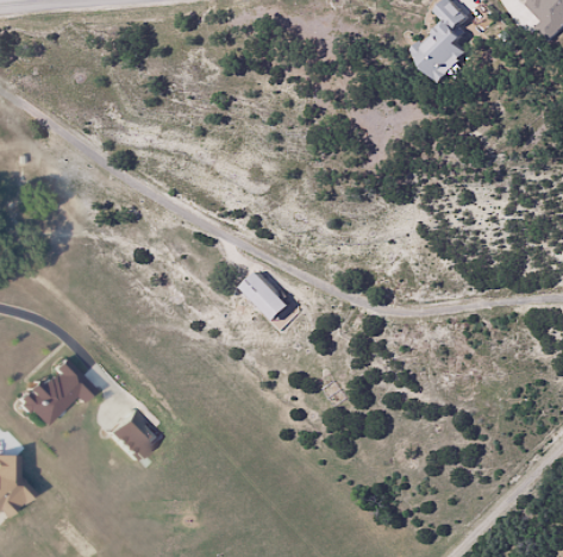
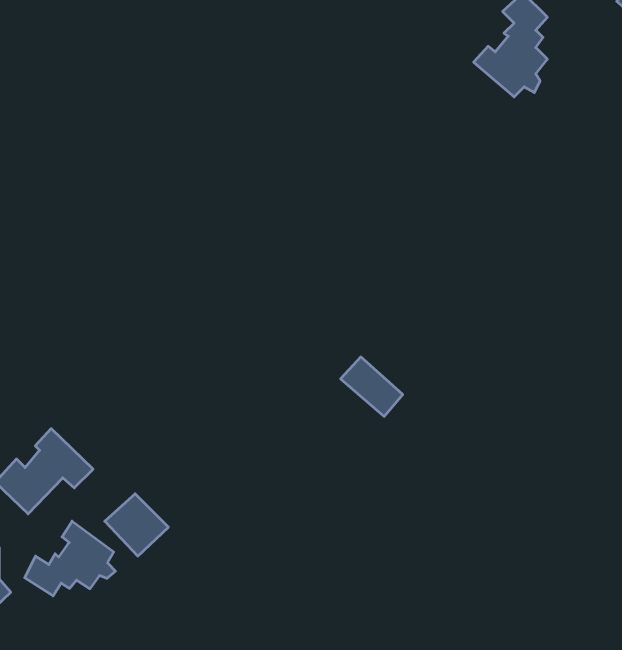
building: [239,273,290,321] -> [341,357,403,416]
building: none -> [25,521,115,596]

